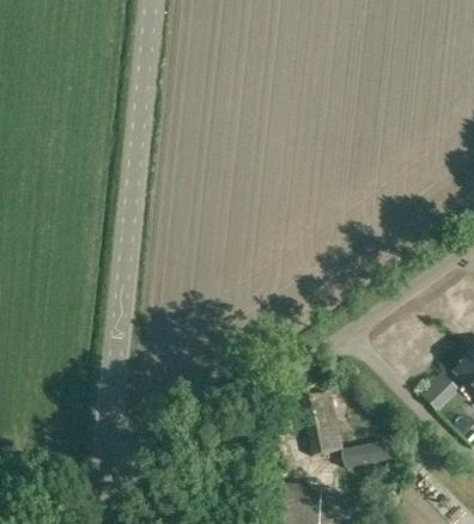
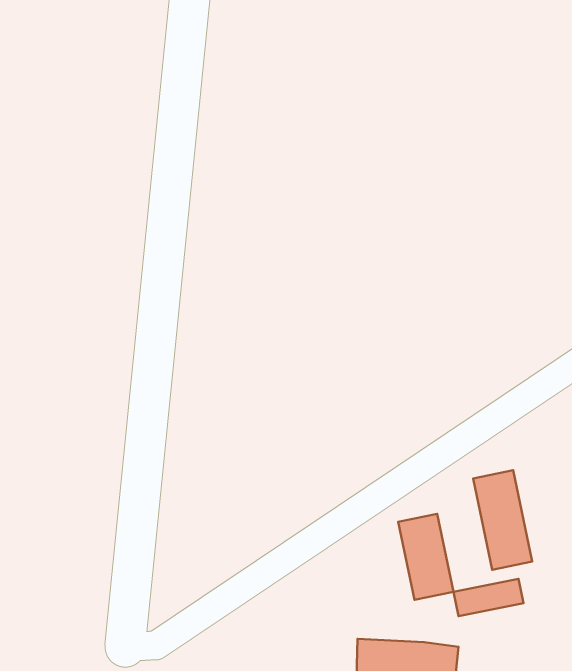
building: none -> [473,470,532,570]

